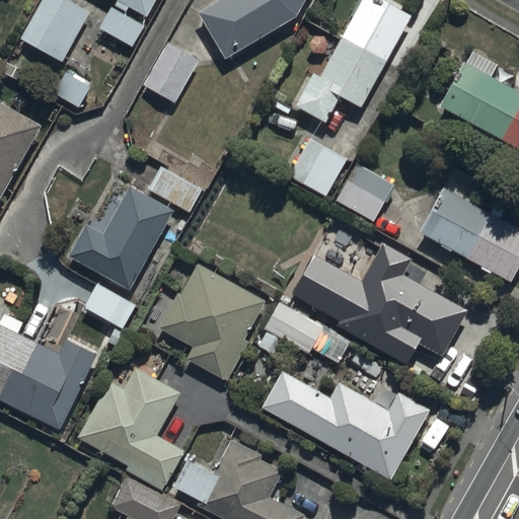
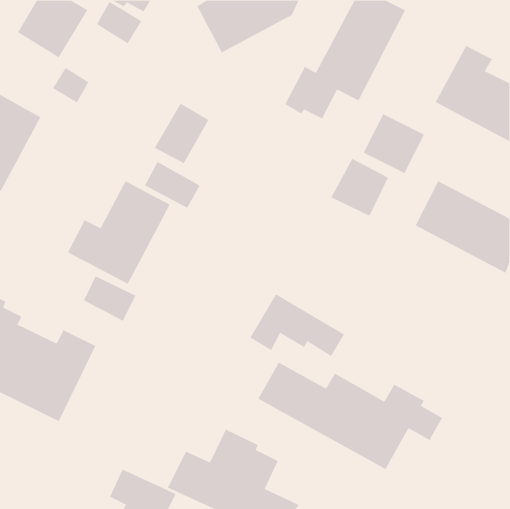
building: [142,42,198,103] -> [154,103,209,164]
building: [283,138,346,199] -> [363,114,425,174]
building: [289,239,467,366] -> none
building: [157,263,267,381] -> none
building: [77,368,183,490] -> none

